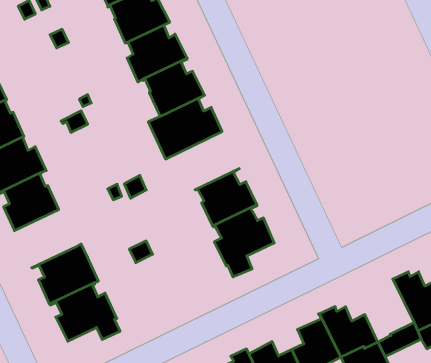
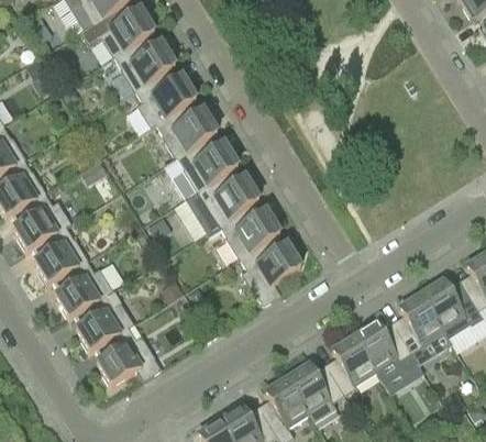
building: none -> [186,165,258,231]
building: none -> [47,258,113,318]
building: none -> [396,289,444,352]

